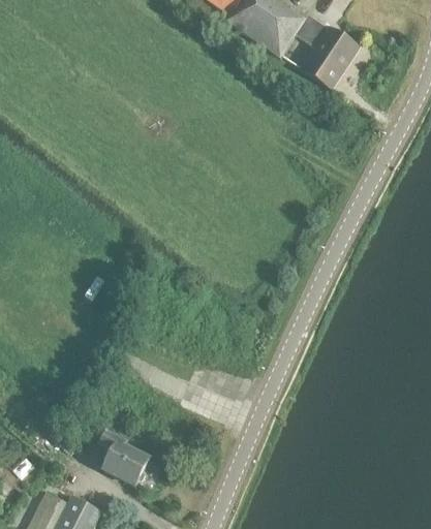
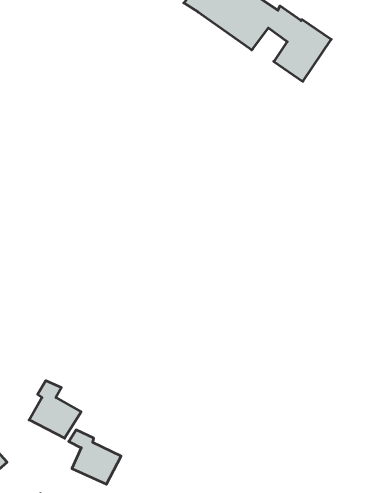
building: none -> [29,381,81,438]

